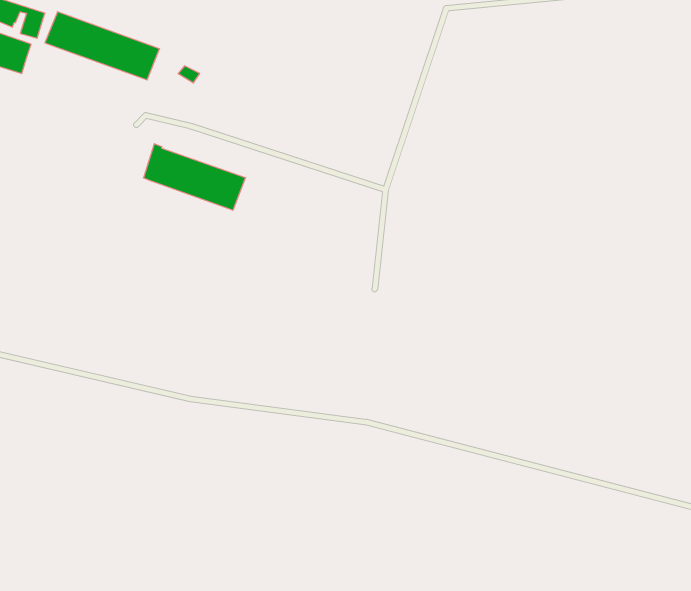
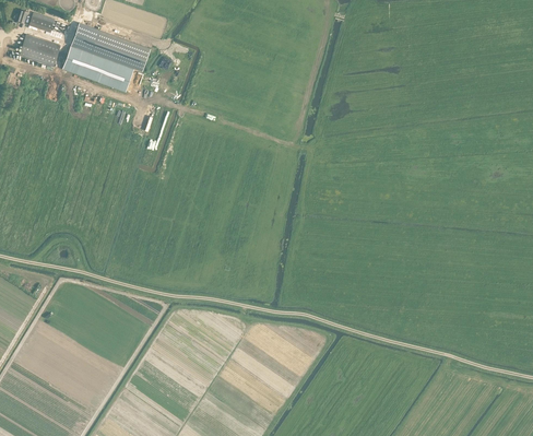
building: [143,144,246,210] -> [61,45,133,92]

